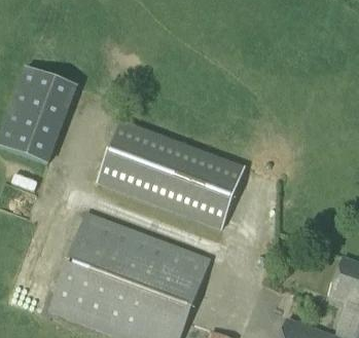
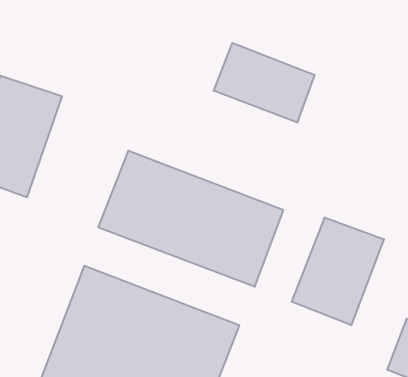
building: none -> [214,43,315,123]
building: none -> [292,217,384,325]

